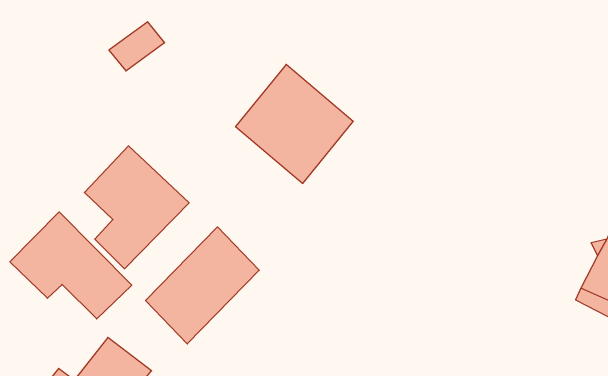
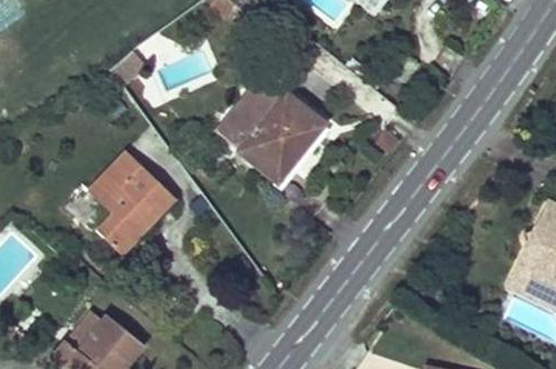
building: [10,212,132,319] -> none
building: [146,227,259,344] -> none

